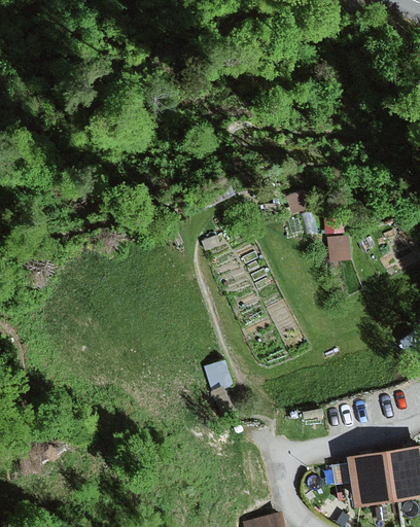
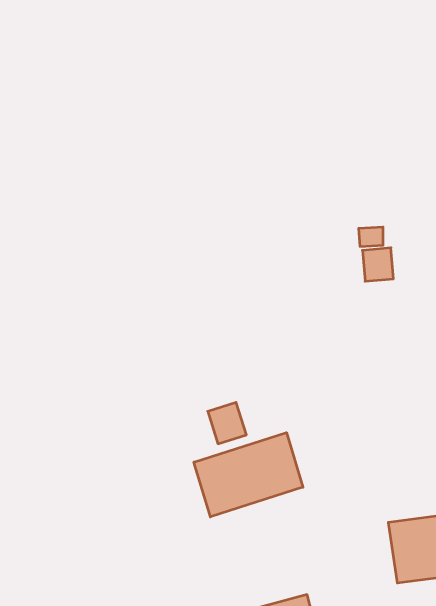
building: none -> [194,433,303,517]

